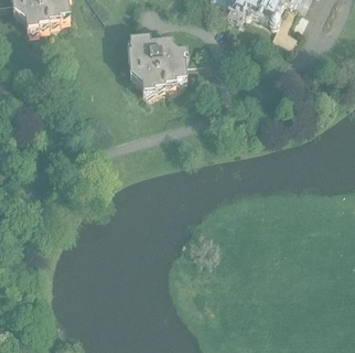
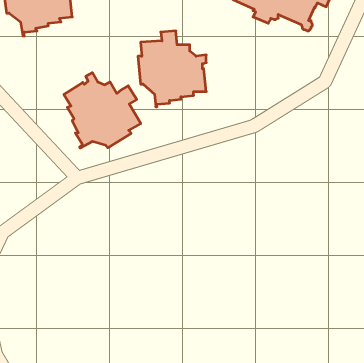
building: none -> [64,73,141,148]

